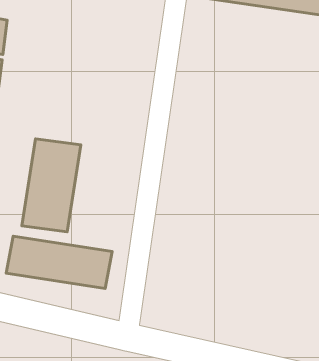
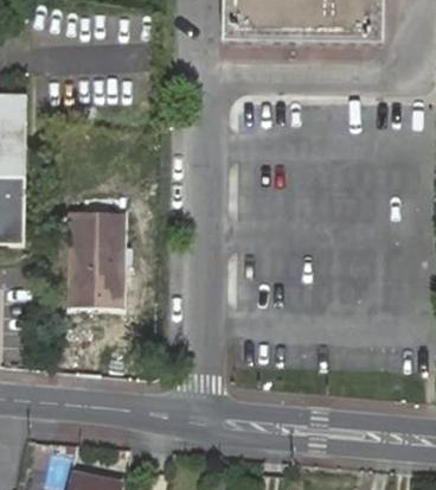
building: [6,236,112,289] -> none

